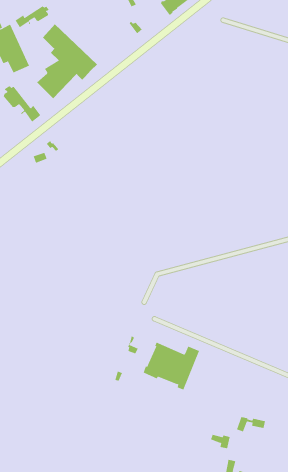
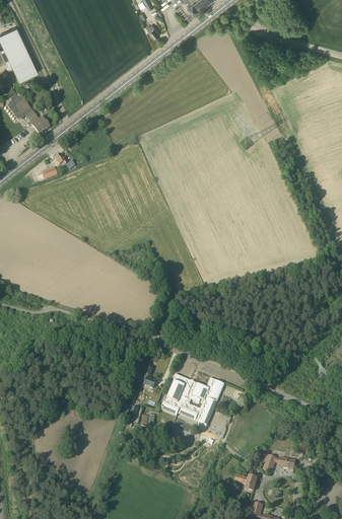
building: [15,5,50,28] -> none
building: [36,24,98,99] -> none

